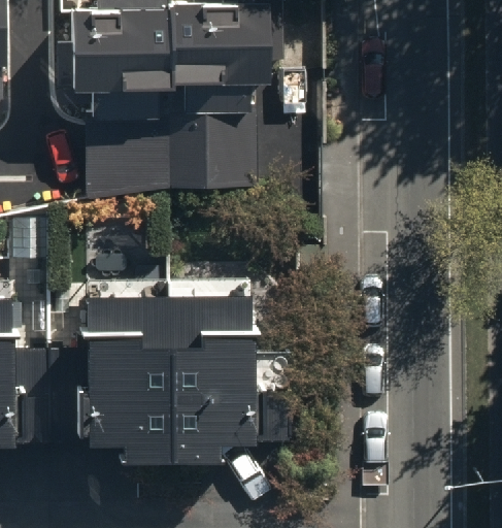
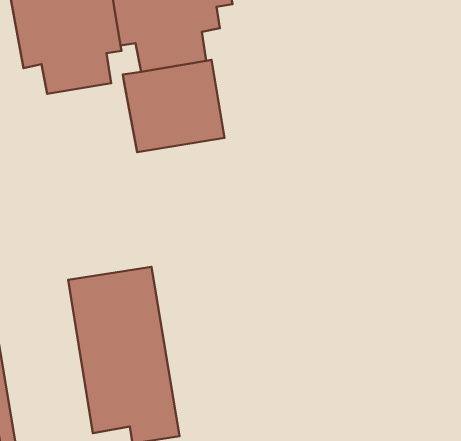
building: [88,118,171,198] -> none
building: [168,296,254,461] -> none

